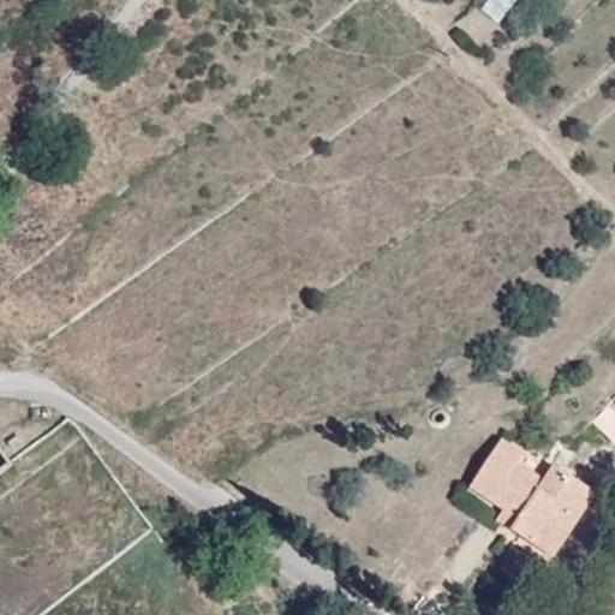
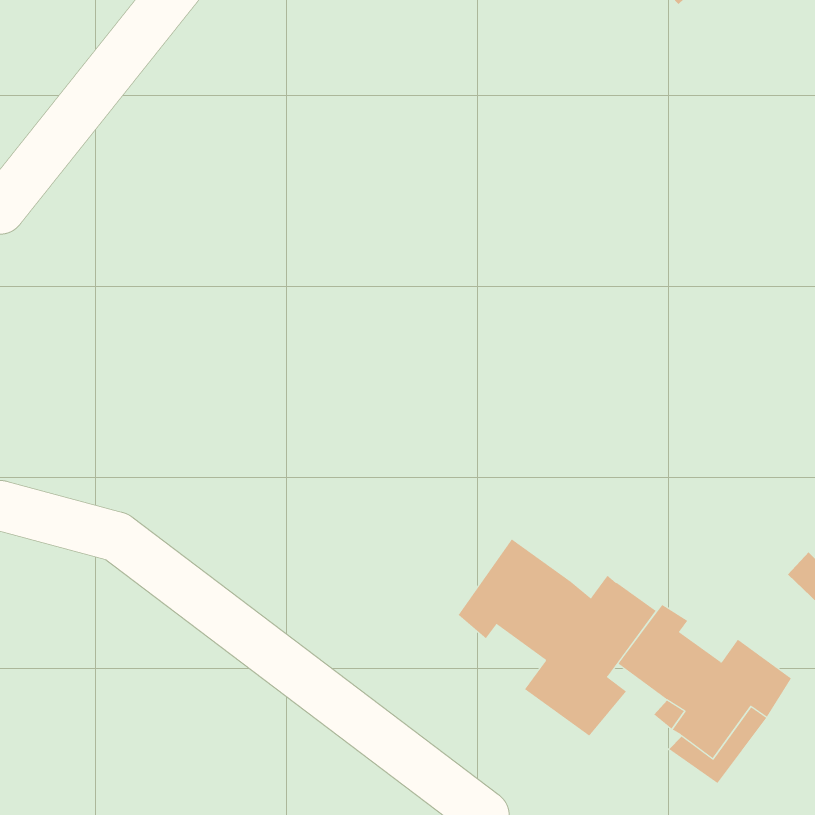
building: none -> [458,538,656,737]

